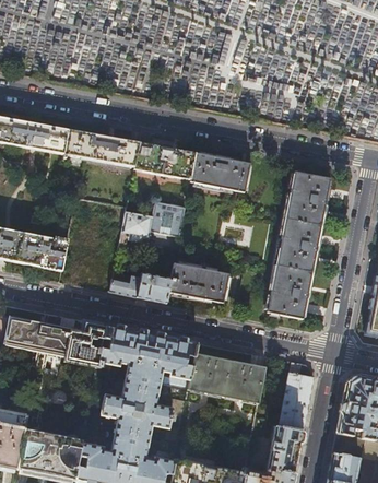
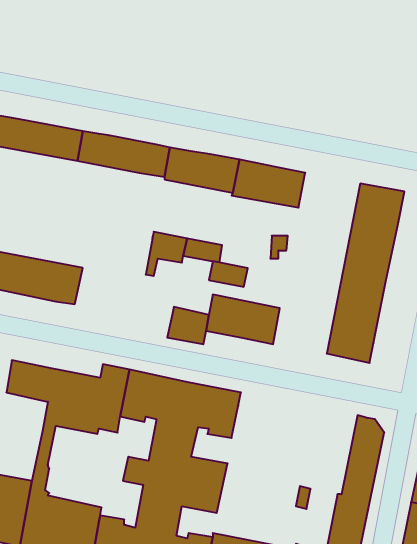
building: [153,201,185,222] -> [209,261,248,287]
building: [110,272,141,297] -> none
building: [188,353,264,403] -> none

